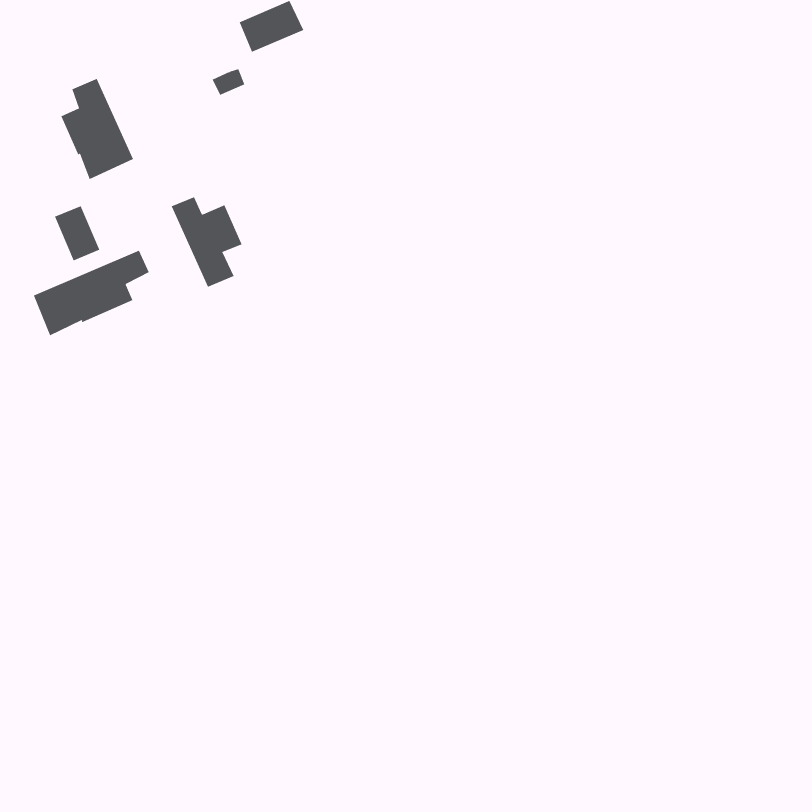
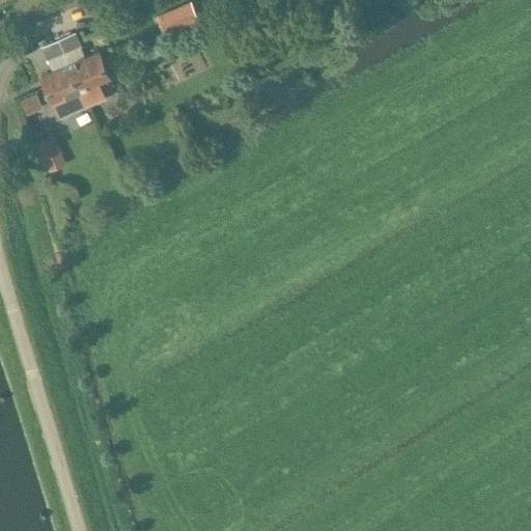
building: [171,197,242,287] -> [63,46,110,105]
building: [33,250,149,336] -> none

